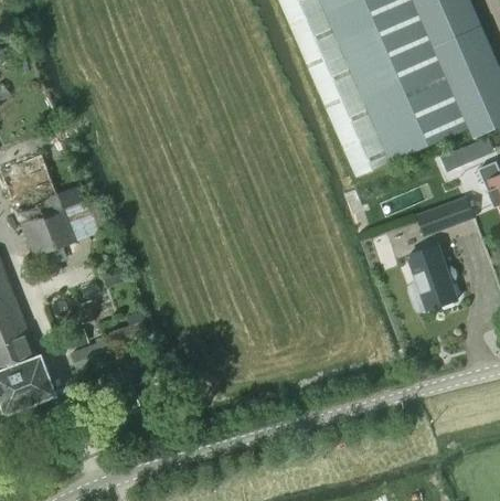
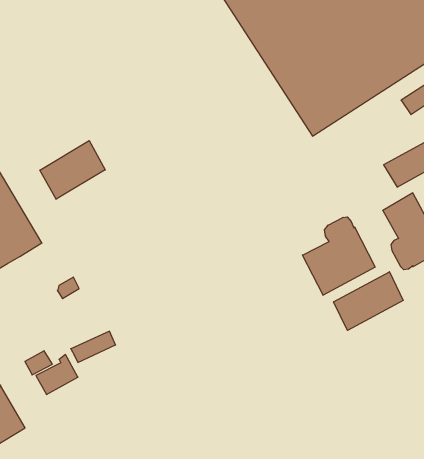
building: none -> [40,141,105,199]
building: none -> [302,217,375,295]
building: none -> [334,272,403,330]

